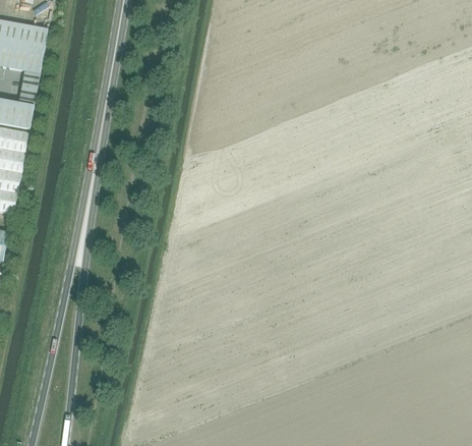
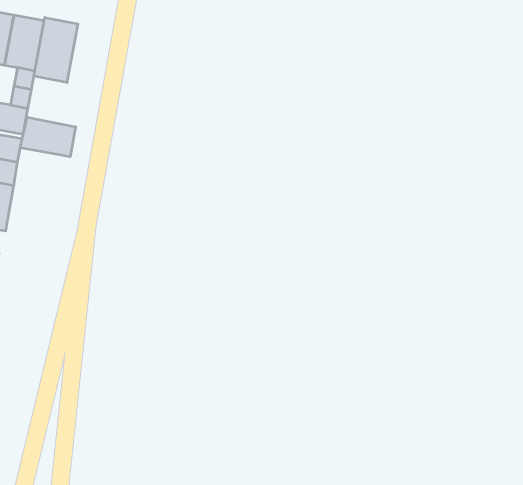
building: none -> [34,17,78,83]
building: none -> [20,117,76,157]

